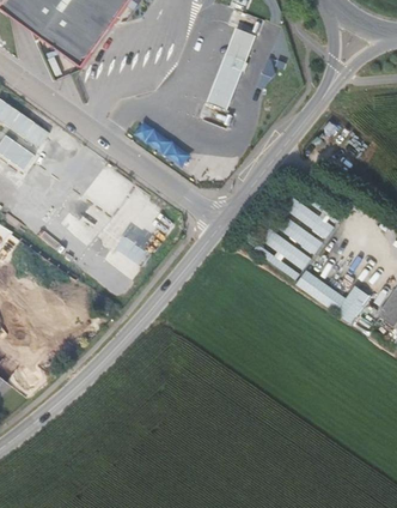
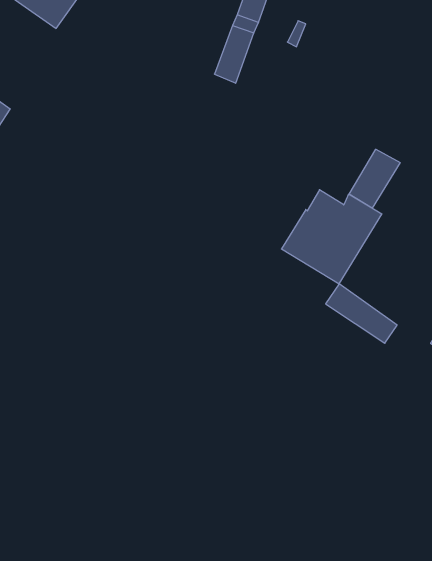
building: none -> [349,149,400,208]

